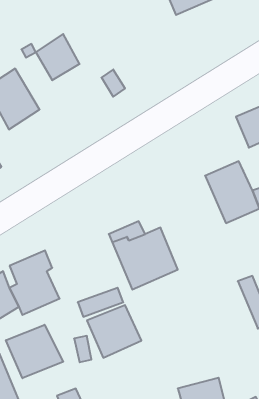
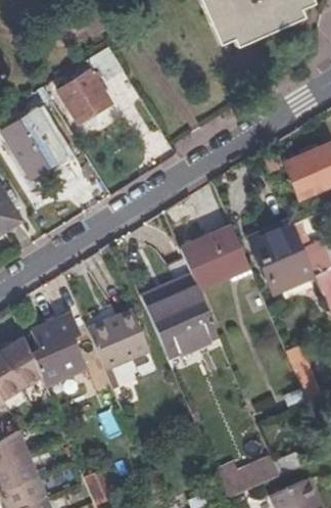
building: none -> [183,227,251,288]
building: [87,305,141,358] -> [88,310,149,369]
building: [6,325,63,378] -> none

